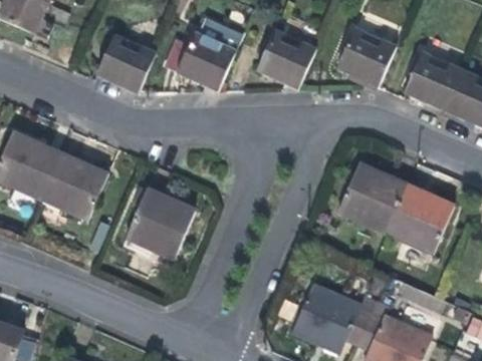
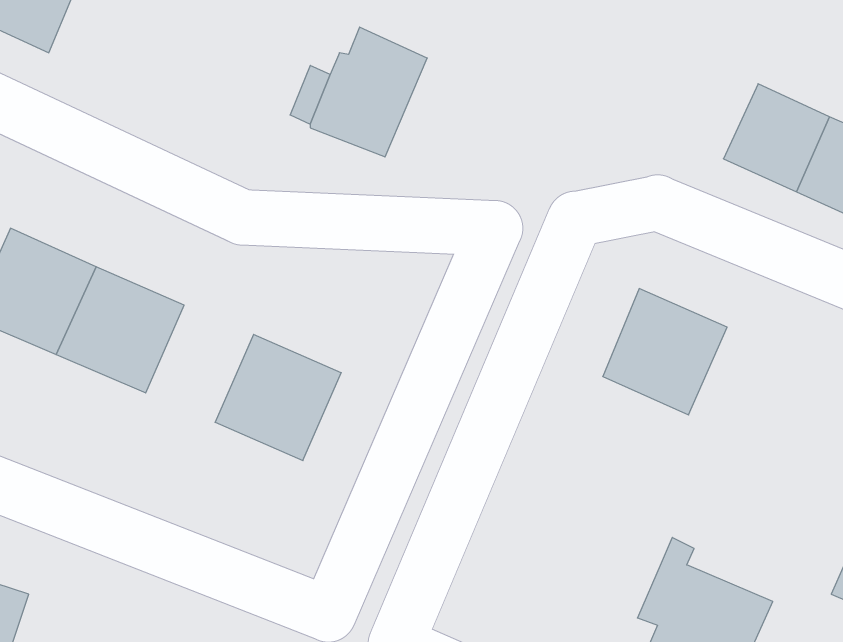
building: [337,28,396,86] -> none
building: [257,29,316,89] -> none
building: [97,35,155,93] -> none
building: [386,185,453,254] -> none
building: [292,283,371,352] -> none

